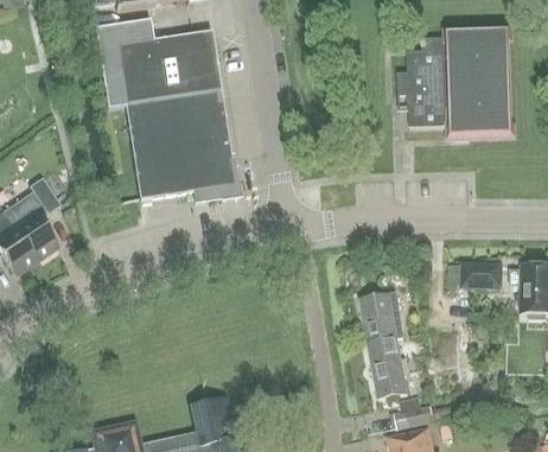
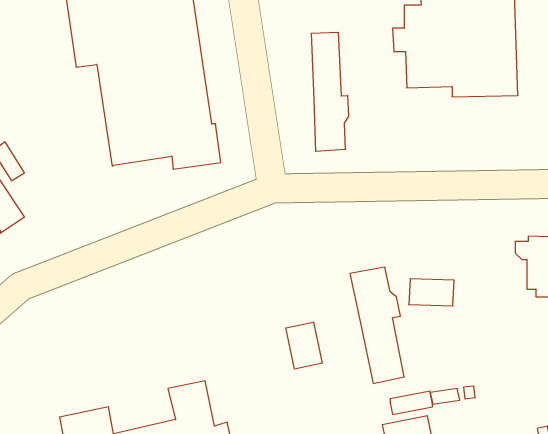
building: none -> [312,32,348,151]
building: [460,262,502,287] -> [409,279,454,306]
building: none -> [286,322,322,369]

